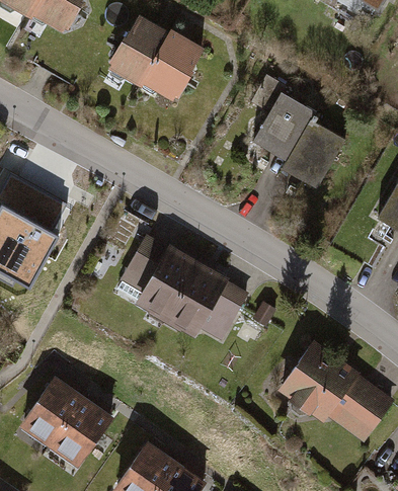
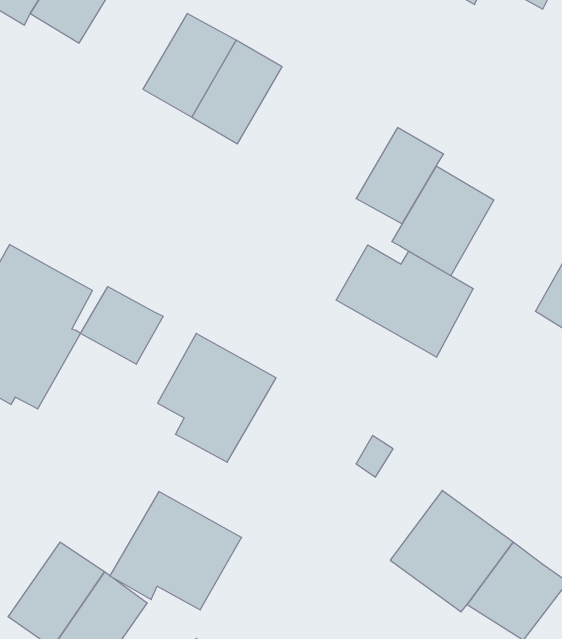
building: none -> [336,245,473,357]
building: none -> [81,287,163,364]
building: [164,262,254,343] -> [110,491,242,610]

